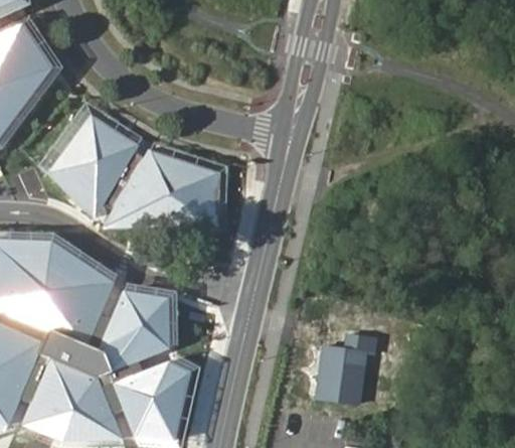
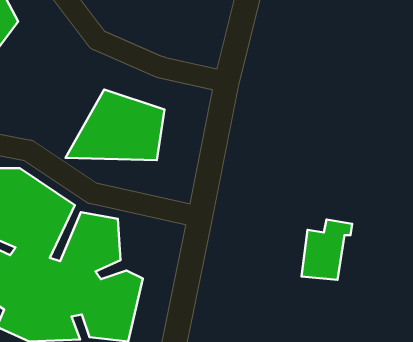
building: [49,115,138,218] -> none
building: [316,330,375,401] -> [301,220,352,280]

